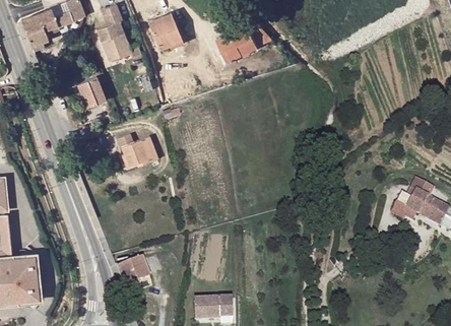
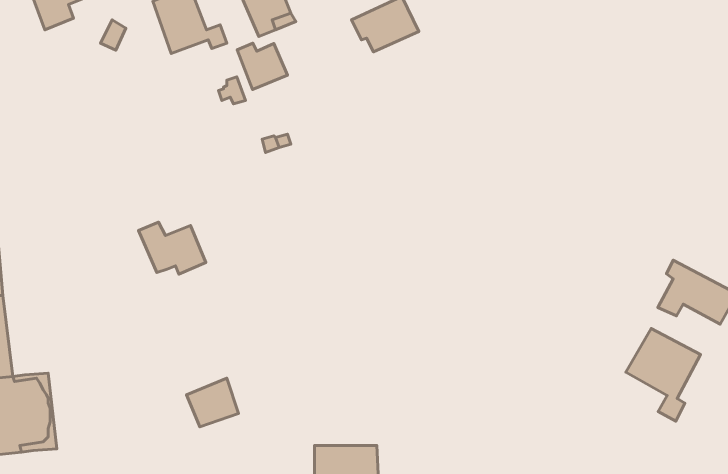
building: none -> [237,43,288,89]
building: [77,77,106,108] -> none
building: [118,134,158,166] -> [138,222,206,274]
building: none -> [626,328,701,421]

